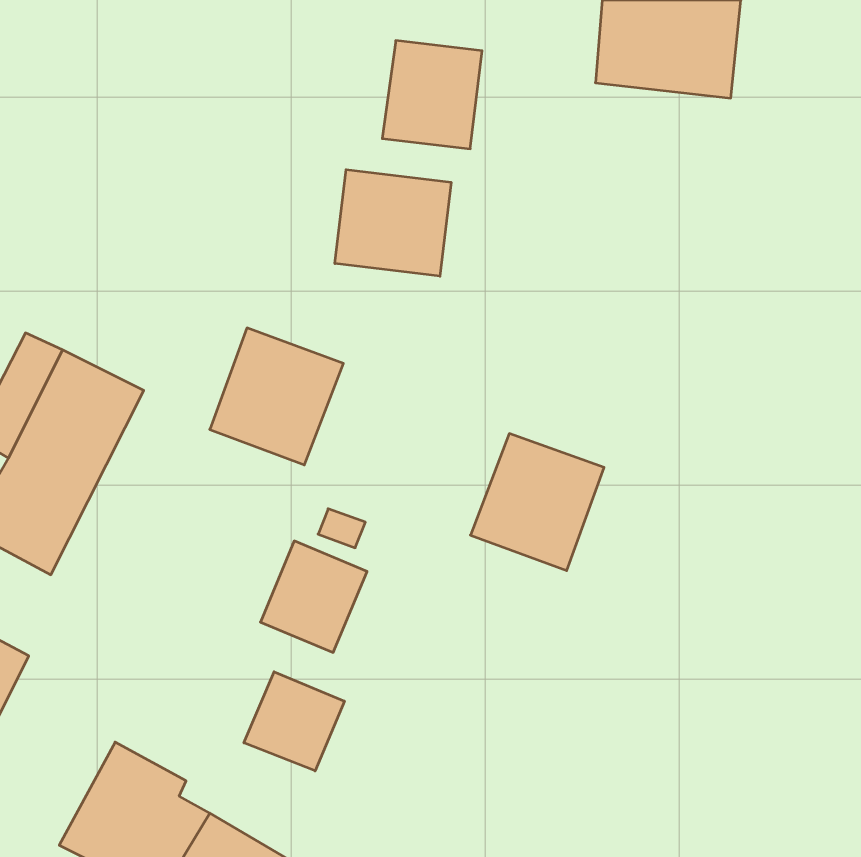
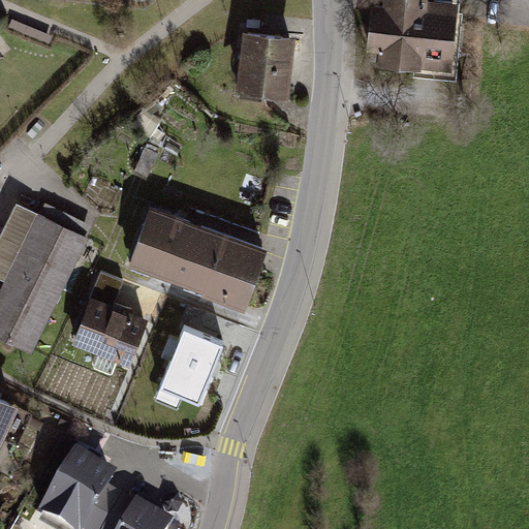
building: [335,170,451,276] -> none
building: [470,434,604,571] -> [186,226,268,310]
building: none -> [69,274,149,365]
building: [244,672,344,771] -> none

